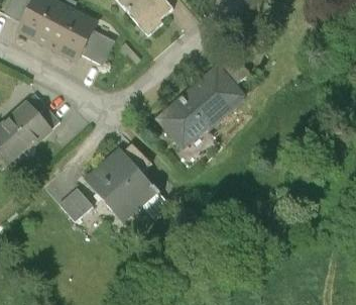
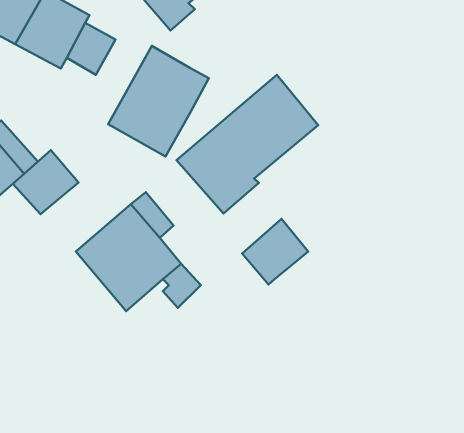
building: none -> [108,46,209,156]
building: none -> [13,150,79,214]
building: none -> [242,219,308,285]
building: [60,188,92,220] -> none

